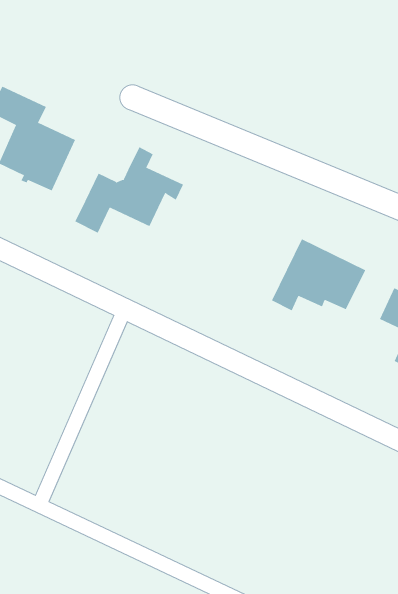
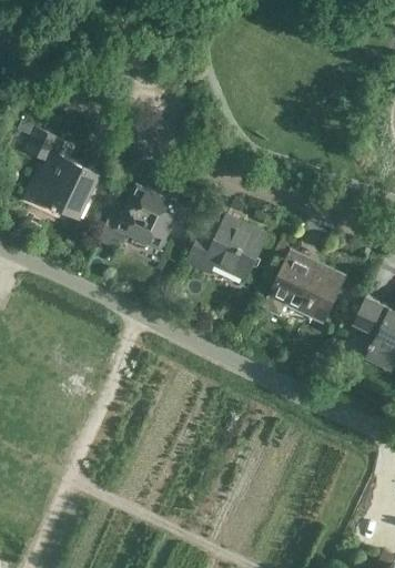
building: none -> [185,217,266,276]

